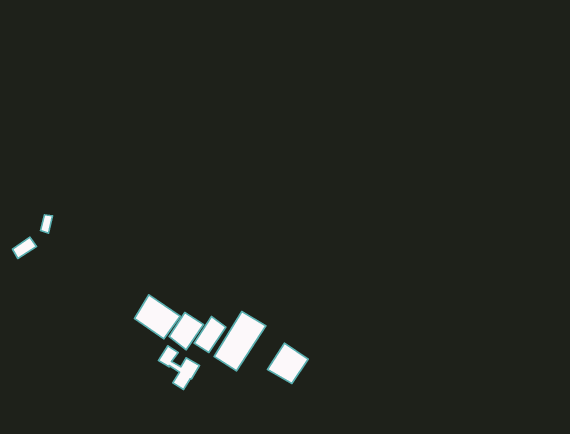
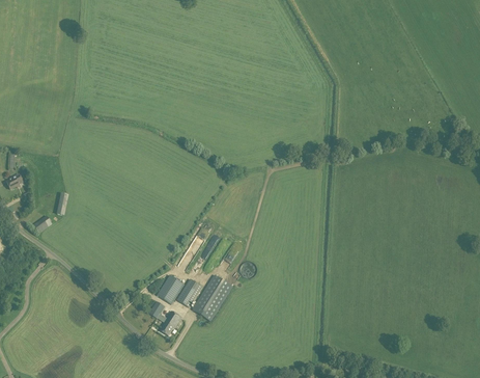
building: [134,295,180,339] -> none
building: [268,343,308,384] -> none

